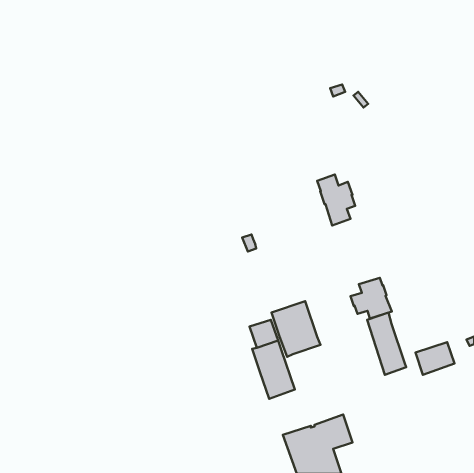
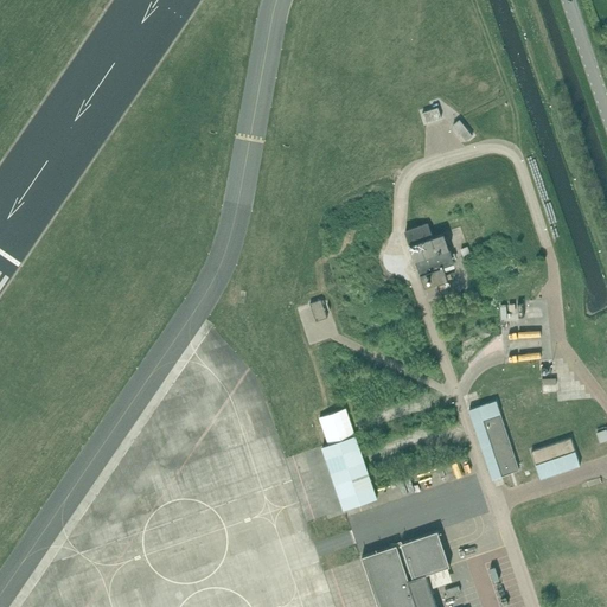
building: [351,278,392,319] -> none
building: [271,301,320,357] -> none

